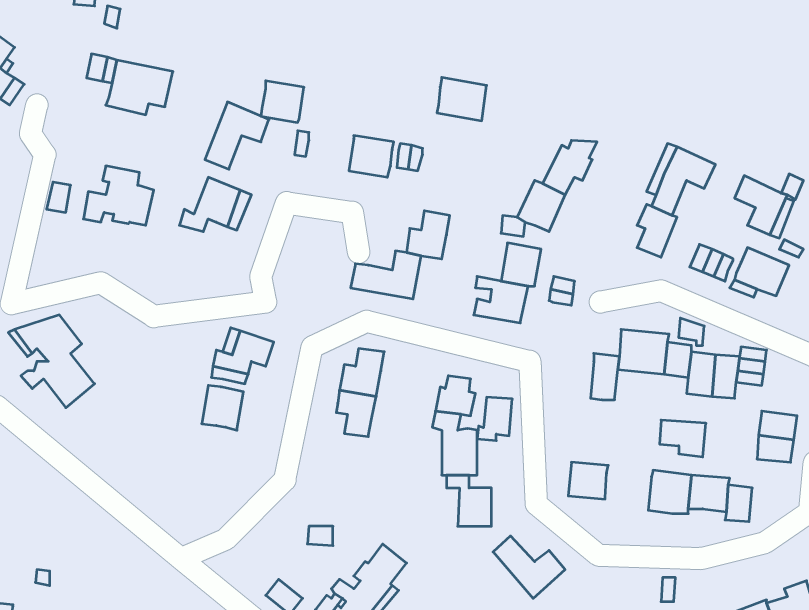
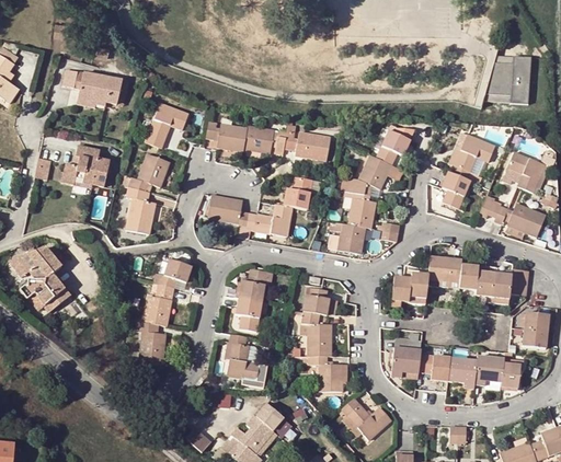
building: none -> [486,53,531,101]
building: [437,77,487,121] -> [295,131,329,161]
building: [261,81,304,122] -> [217,123,247,151]
building: none -> [125,186,156,233]
building: none -> [207,194,248,229]
building: [477,397,512,441] -> [387,278,411,308]
building: [660,420,706,457] -> [419,356,450,381]
building: none -> [136,321,165,360]
building: none -> [227,335,259,381]

